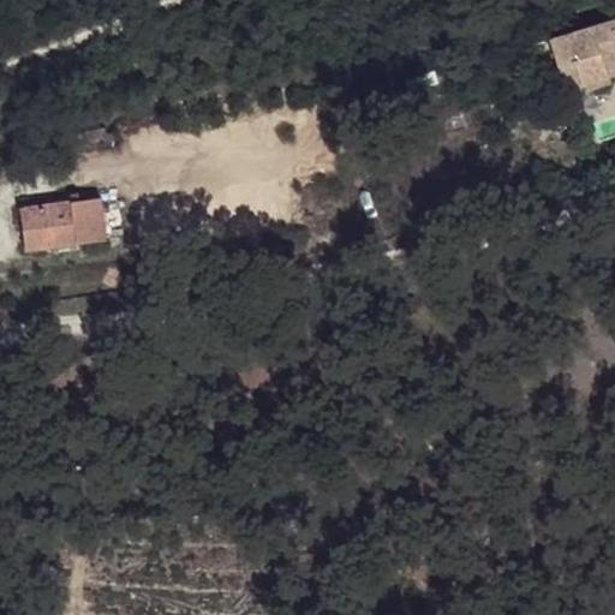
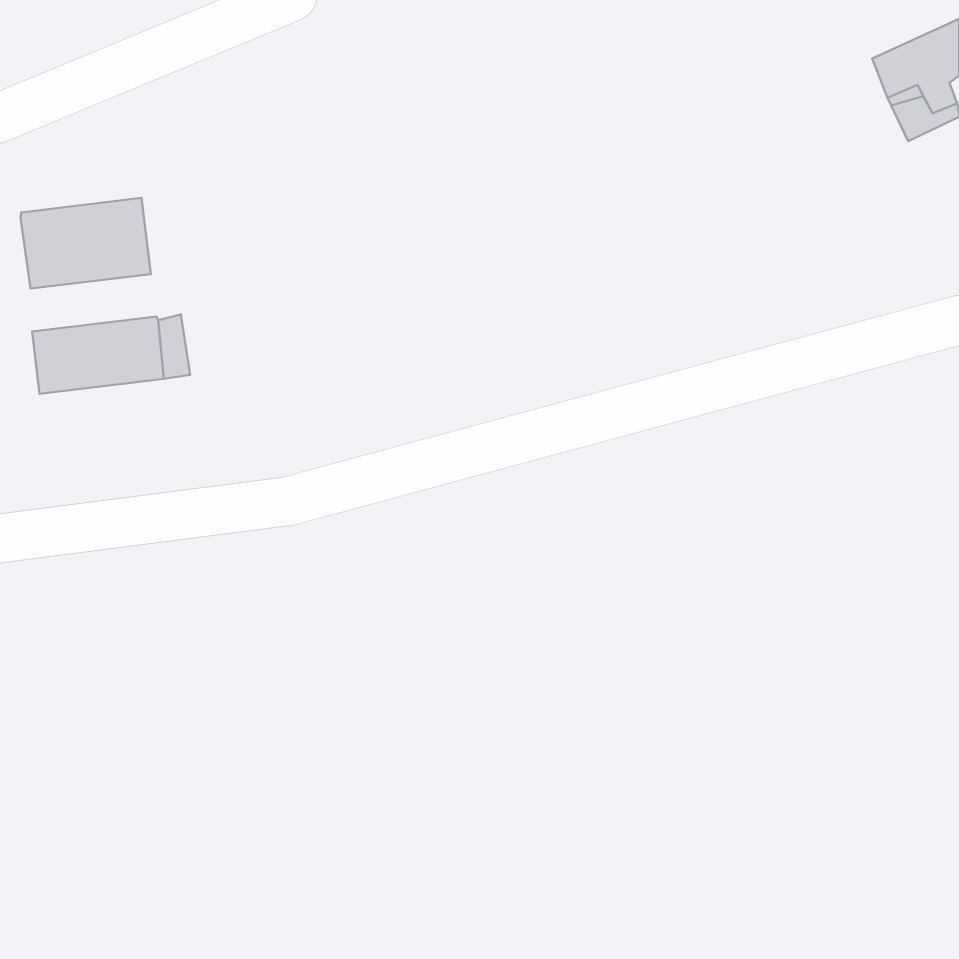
building: none -> [21,198,151,289]

